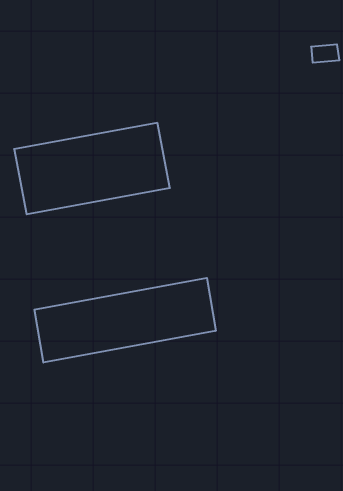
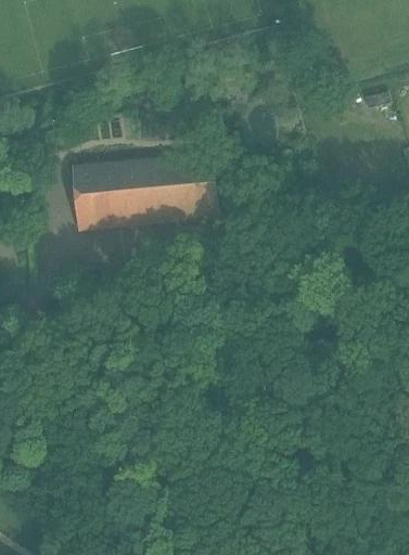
building: [34,278,216,363] -> none

